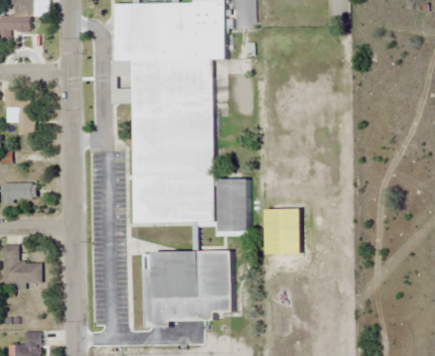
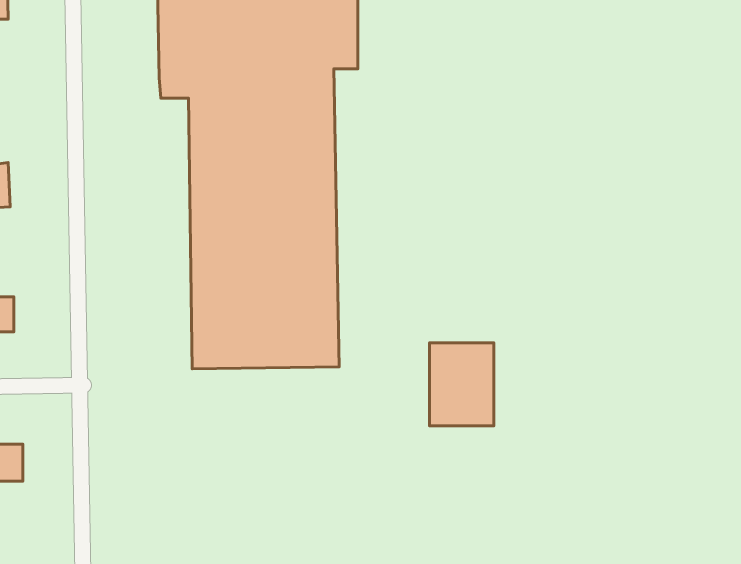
building: [219,180,249,232] -> none
building: [145,251,233,323] -> none

